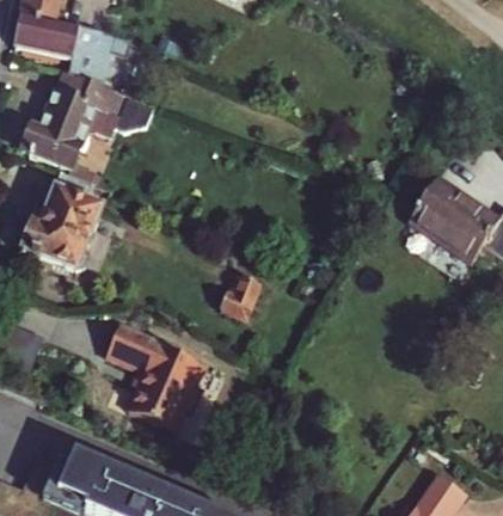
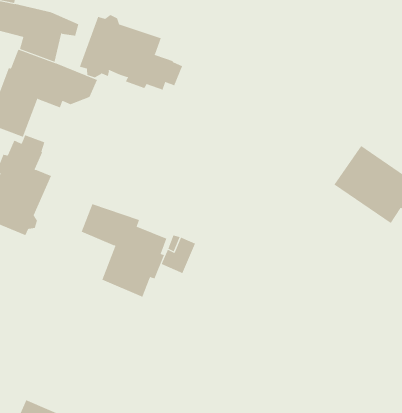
building: none -> [79,14,183,91]
building: [109,330,203,432] -> [81,204,167,297]

